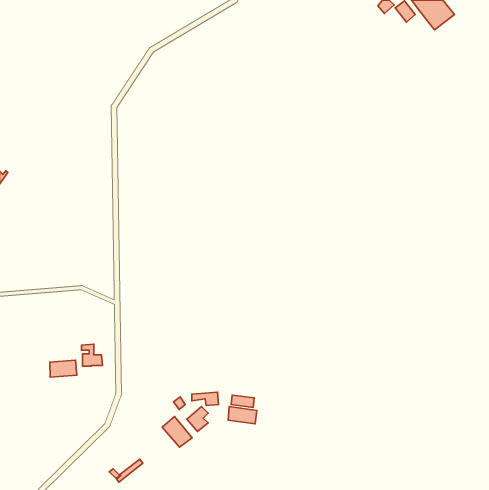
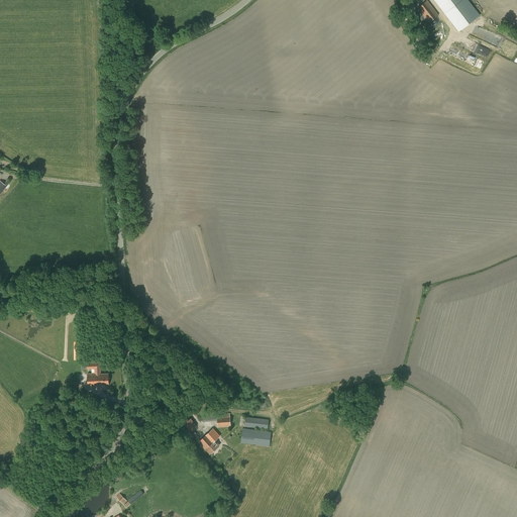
building: [50,360,77,377] -> none
building: [162,417,192,447] -> none

